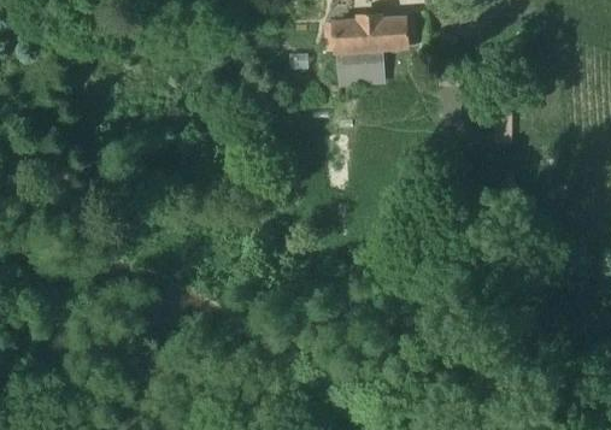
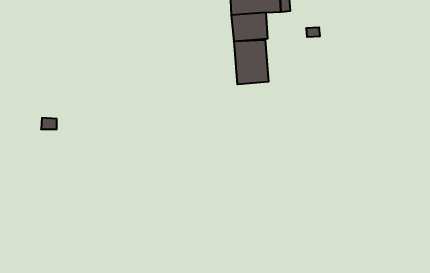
building: none -> [234,40,268,84]

